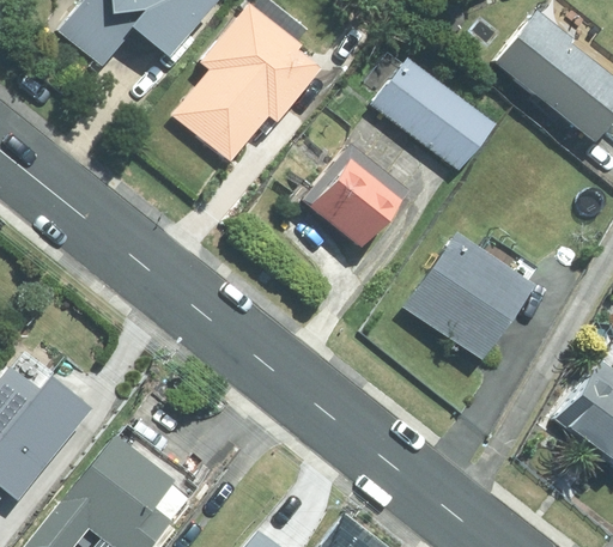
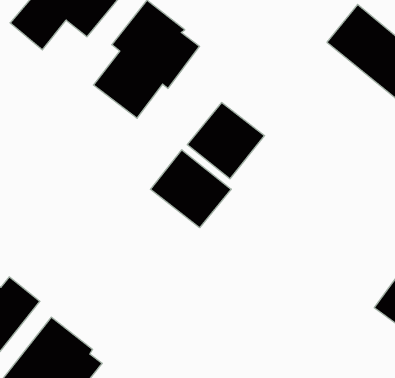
building: [372,56,496,170] -> none
building: none -> [150,150,231,228]
building: [397,232,527,360] -> none

